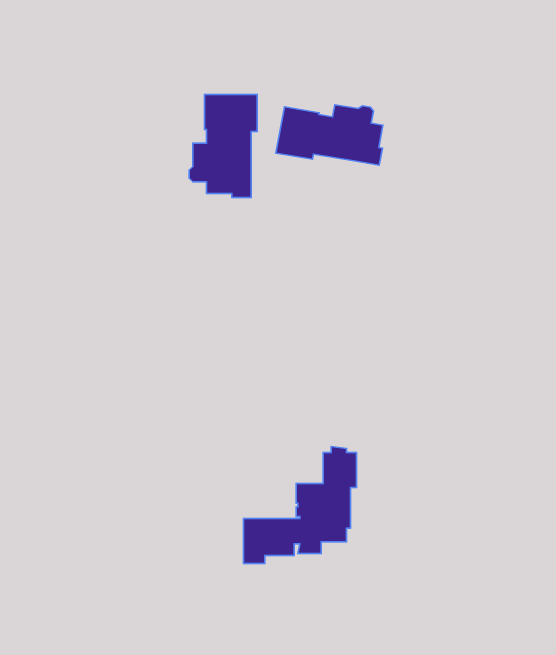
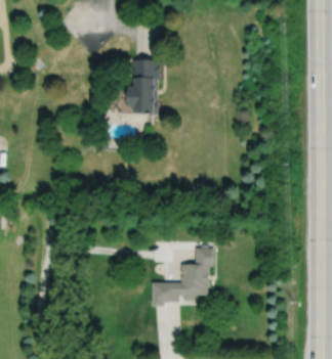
building: [276,105,383,165] -> none

